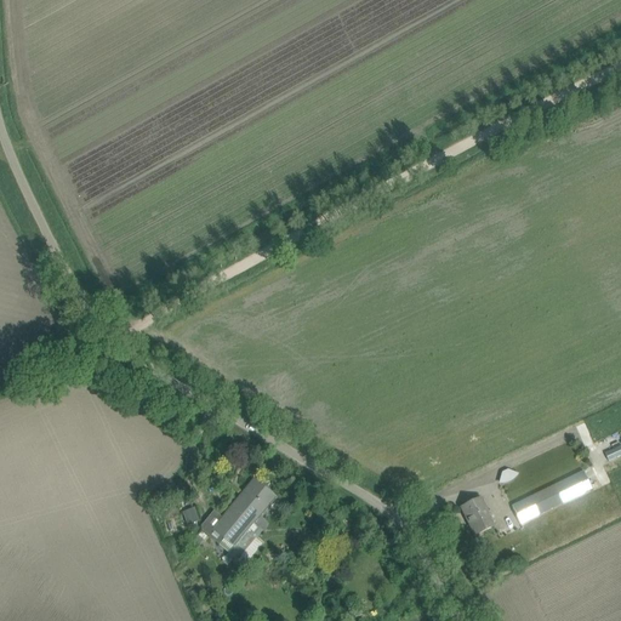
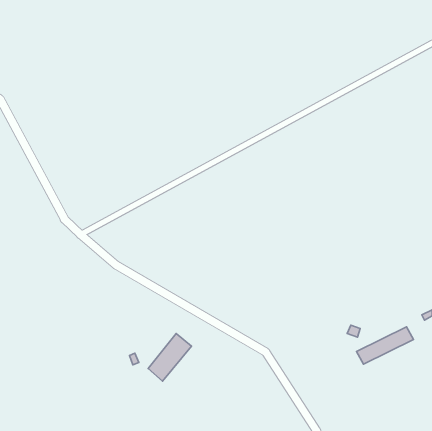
building: [460,496,494,534] -> none

